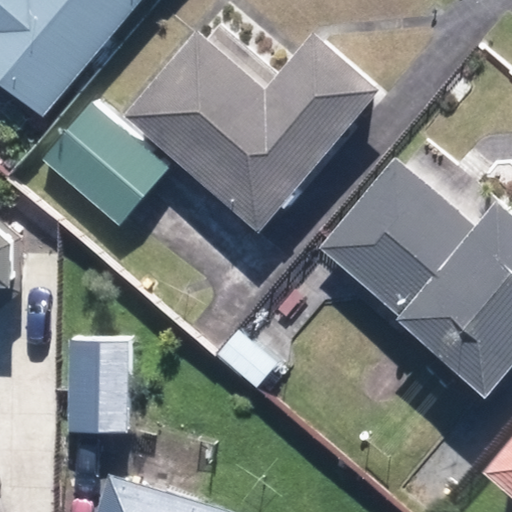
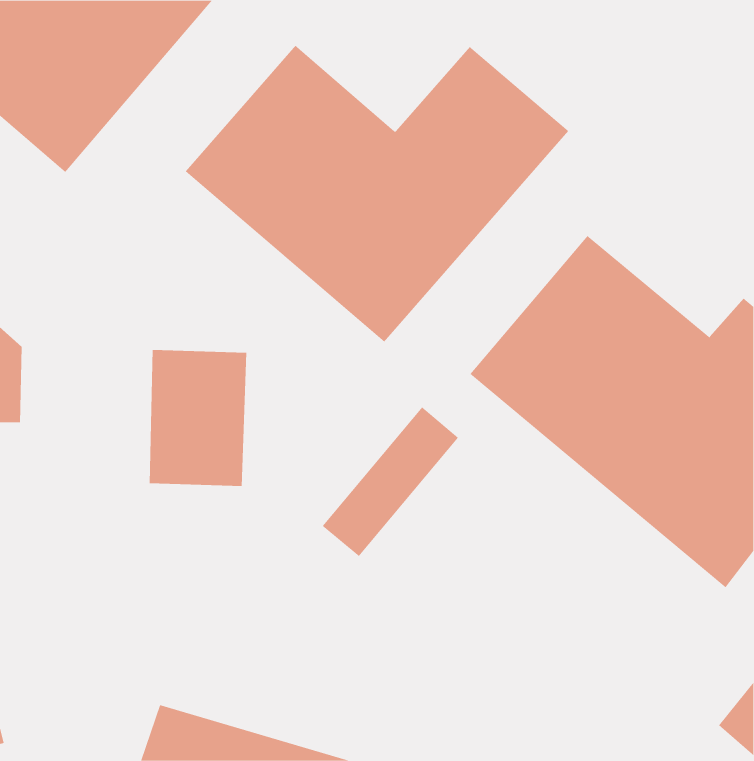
building: [40,101,168,226] -> none
building: [67,339,133,431] -> [149,349,247,486]

